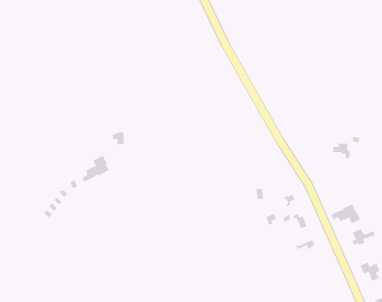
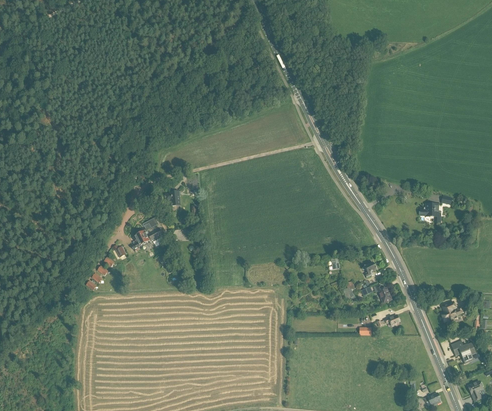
building: [331,204,361,224] -> none

